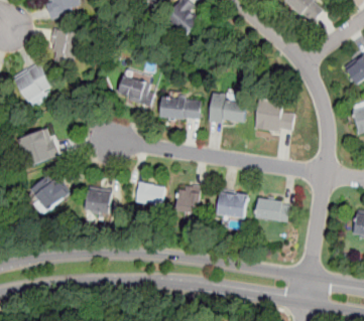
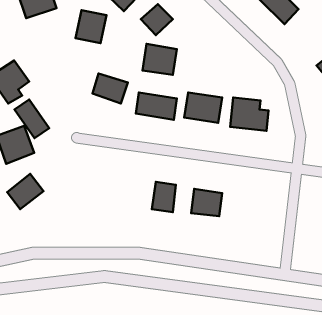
building: [49,29,81,62] -> [75,10,107,43]
building: none -> [142,44,177,75]
building: none -> [14,100,49,138]
building: [133,182,163,205] -> none
building: [82,189,113,214] -> none
building: [254,197,289,222] -> none

